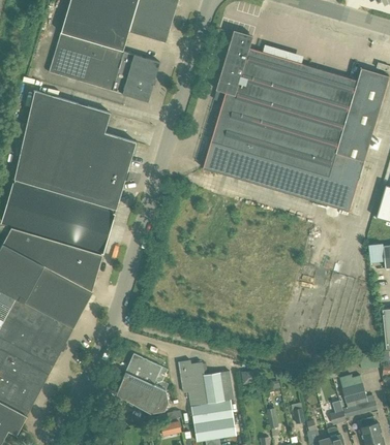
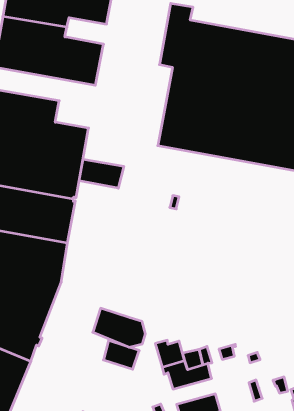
building: none -> [79,159,124,188]
building: [116,372,168,413] -> [93,308,145,347]
building: [191,402,233,423] -> none

